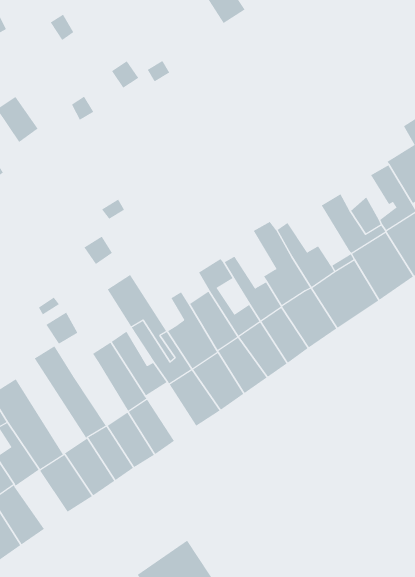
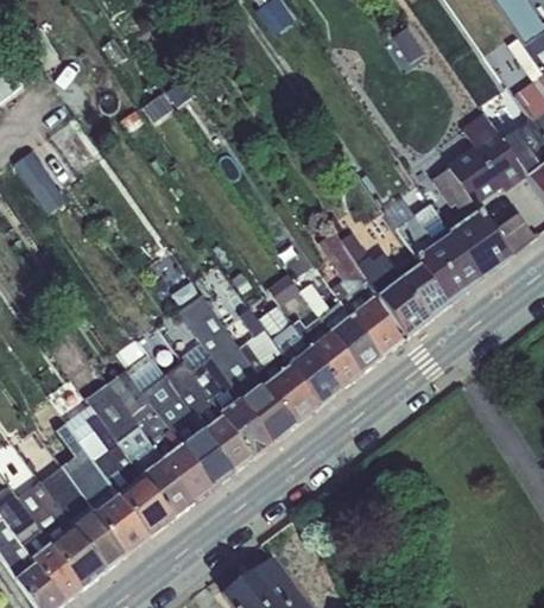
building: none -> [86,382,163,476]
building: none -> [147,382,203,445]
building: none -> [220,398,272,456]
building: none -> [95,494,148,552]

